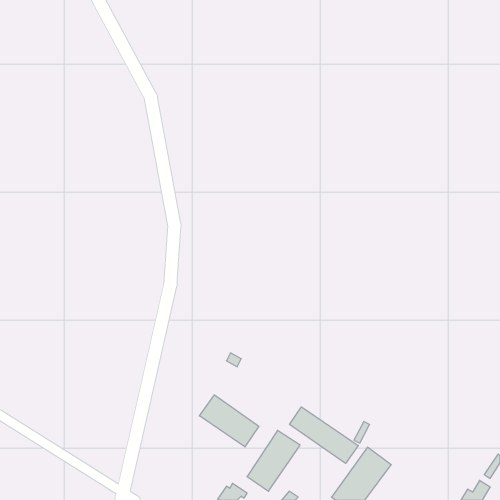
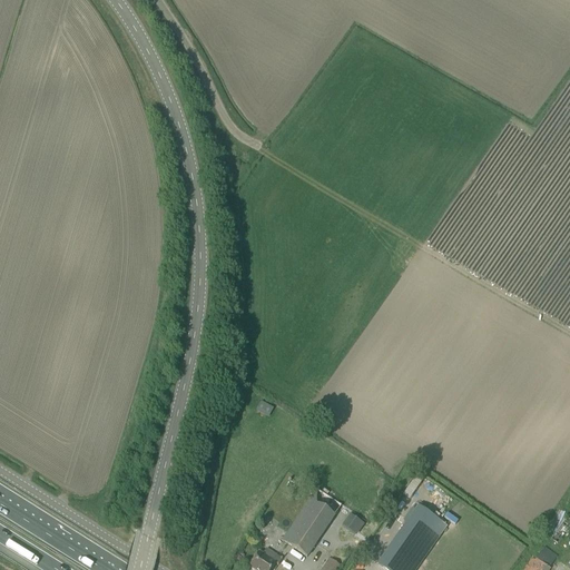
building: [199,395,259,447] -> none
building: [290,407,358,463] -> none

